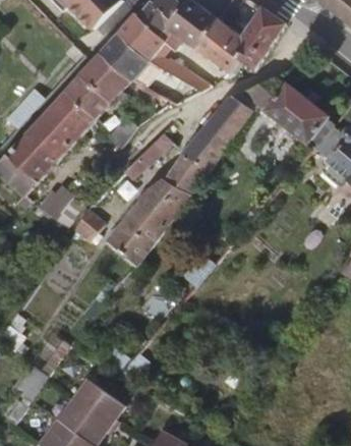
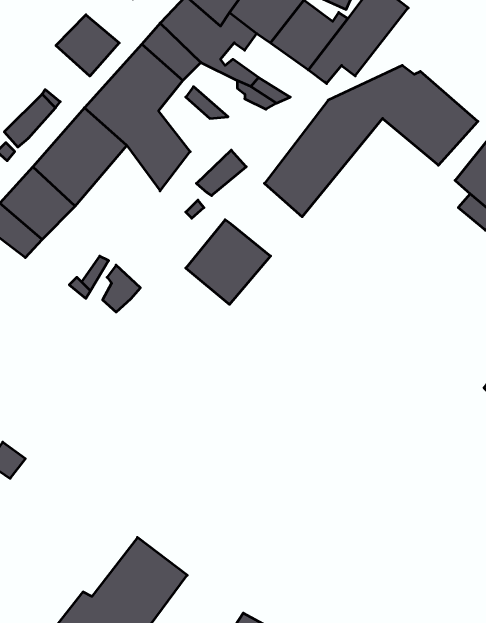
building: none -> [56,15,119,76]
building: [161,147,209,196] -> none
building: [106,204,160,260] -> none

